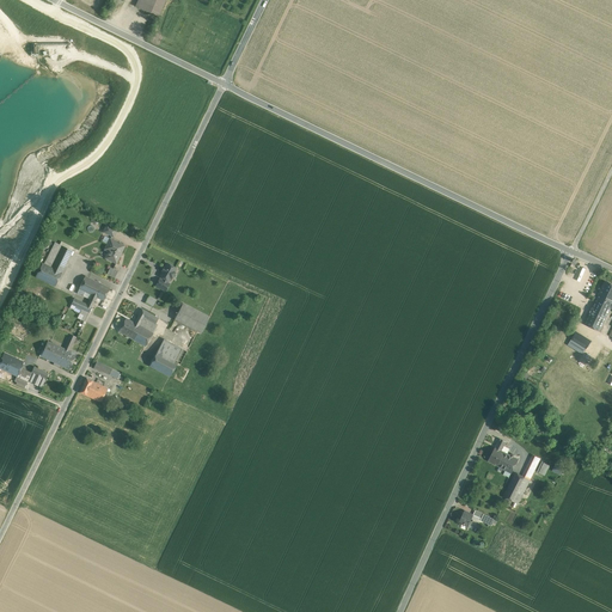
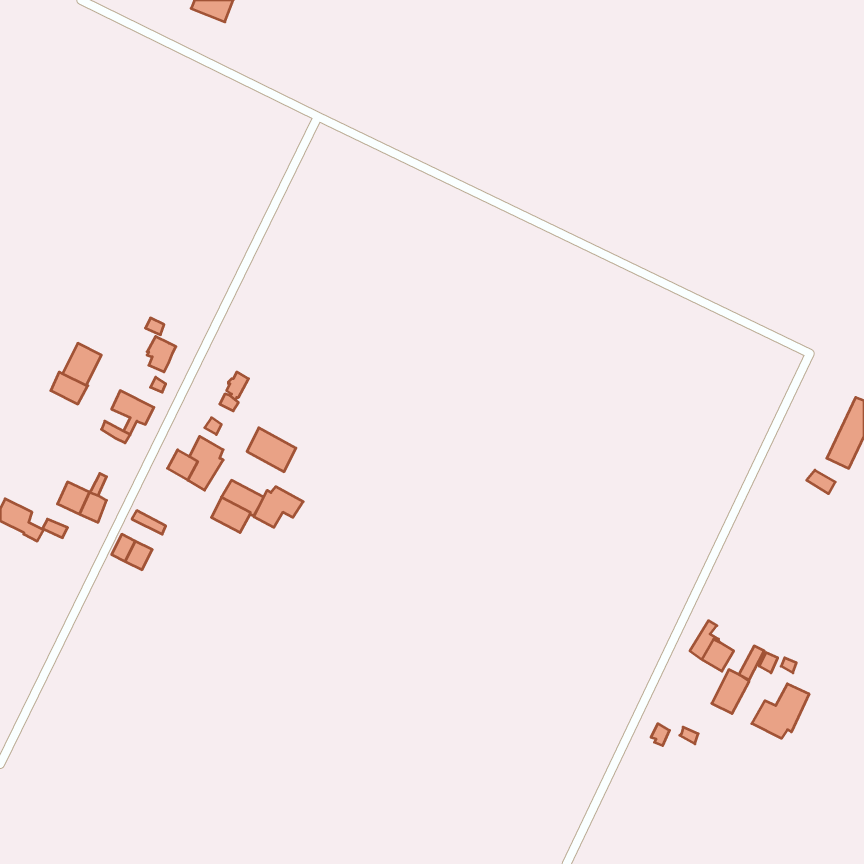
building: none -> [254,487,303,527]
building: none -> [752,684,809,738]

